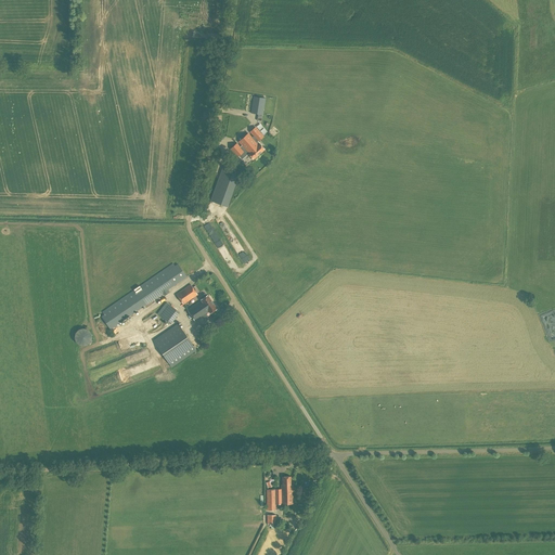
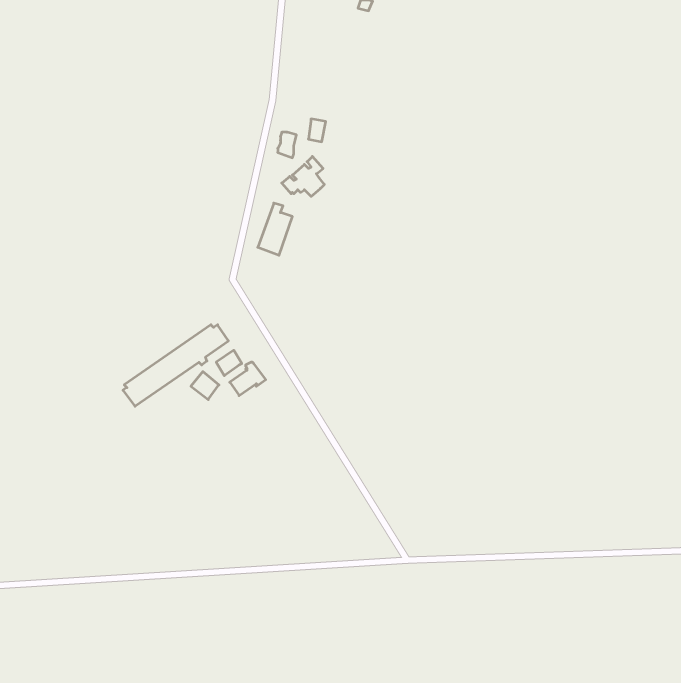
building: [152,323,195,367] -> none
building: [264,476,292,509] -> none

